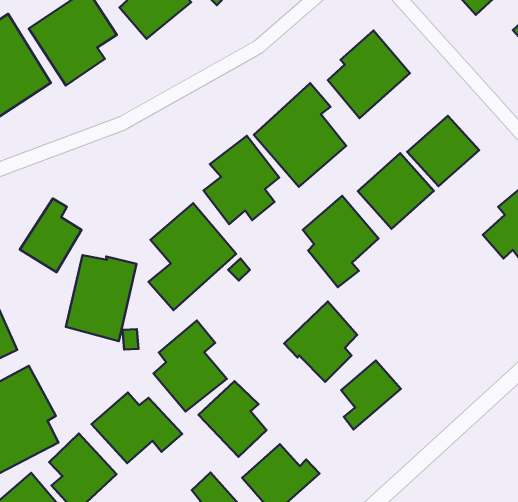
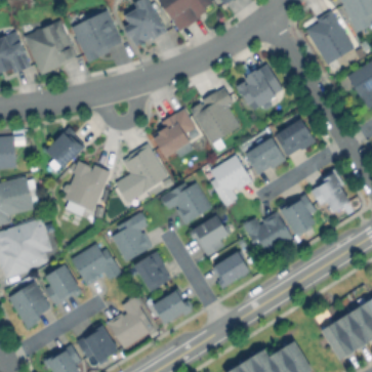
building: none -> [278,191,316,236]
building: none -> [159,184,210,226]
building: none -> [240,212,291,254]

